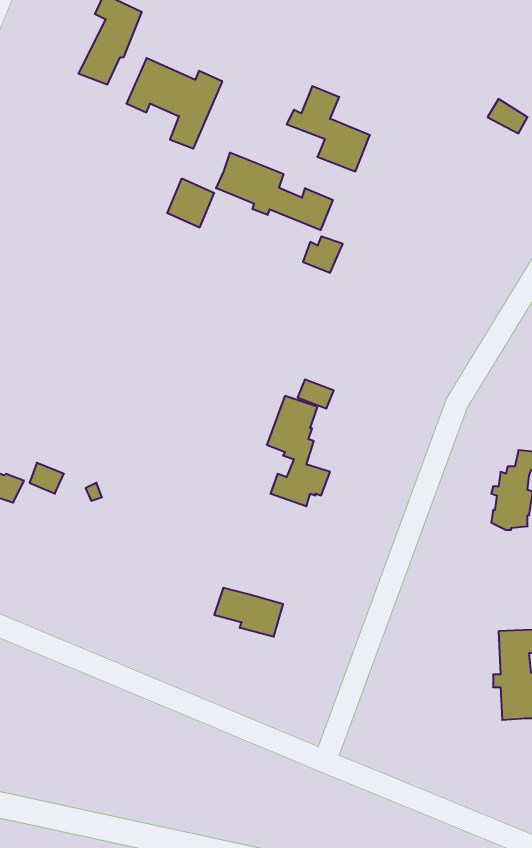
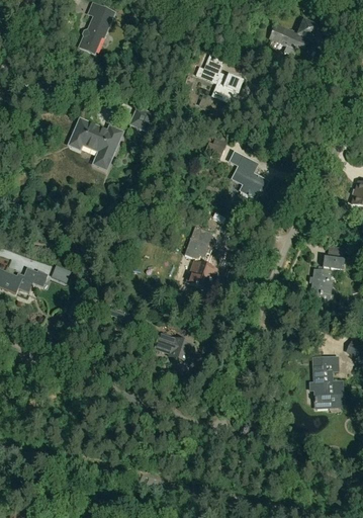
building: none -> [270,22,316,57]
building: [126,58,222,149] -> [69,118,122,169]
building: [216,153,333,230] -> none
building: none -> [230,152,268,198]

